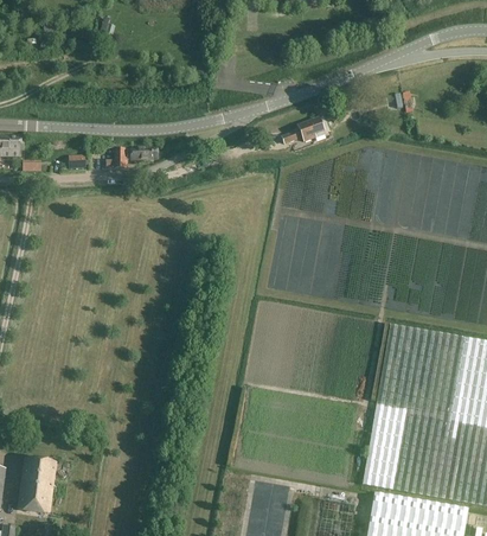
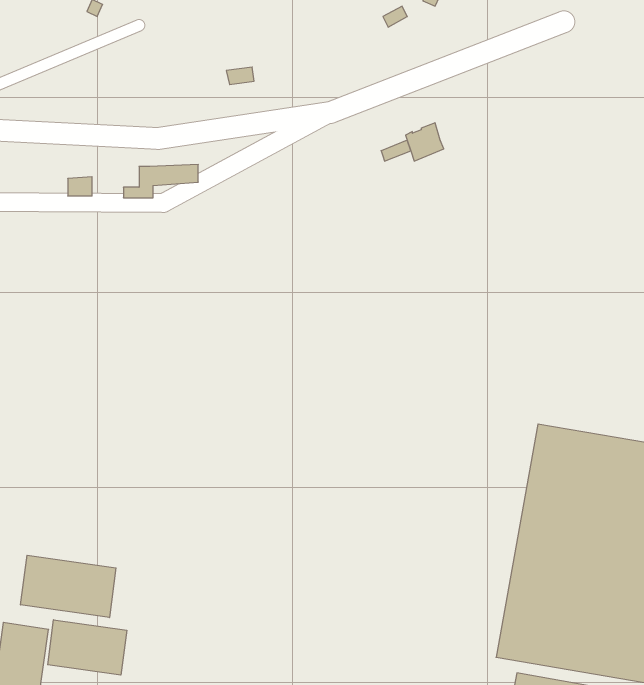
building: none -> [21,555,116,618]
building: none -> [48,620,127,675]

